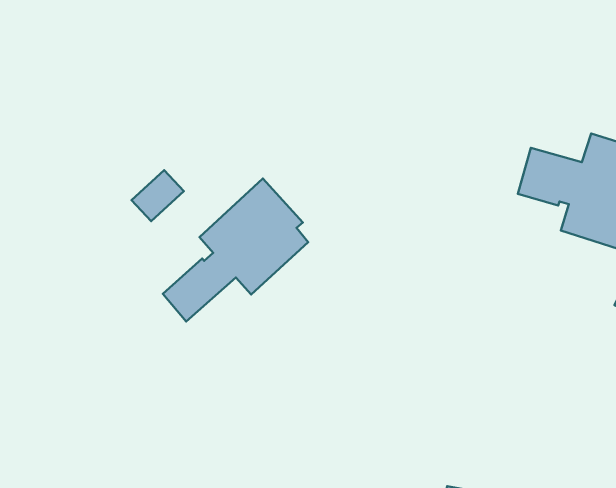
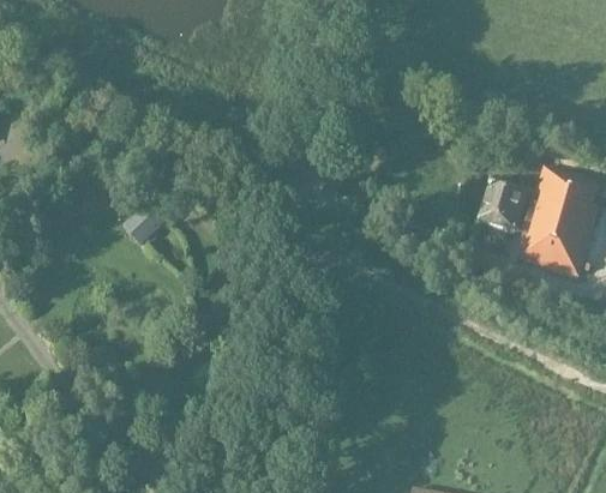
building: [163,179,308,322] -> none

